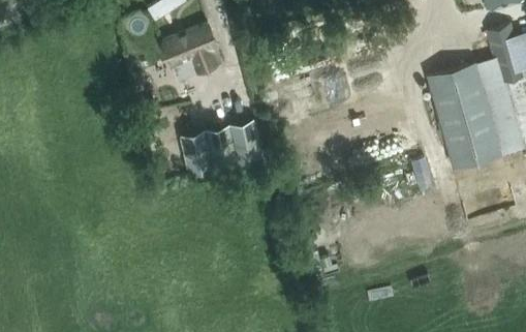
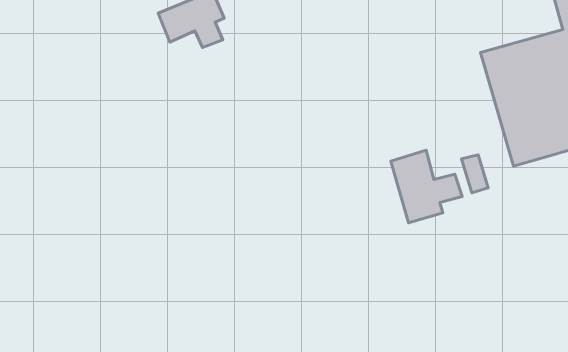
building: [181,120,266,176] -> none
building: none -> [391,150,462,223]

